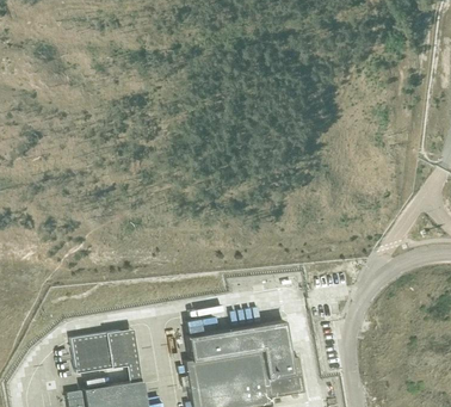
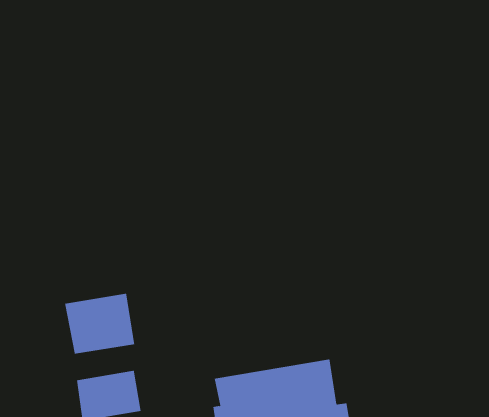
building: none -> [65,293,135,355]

